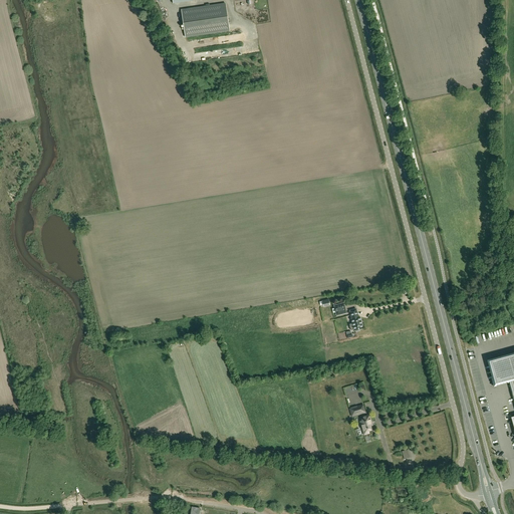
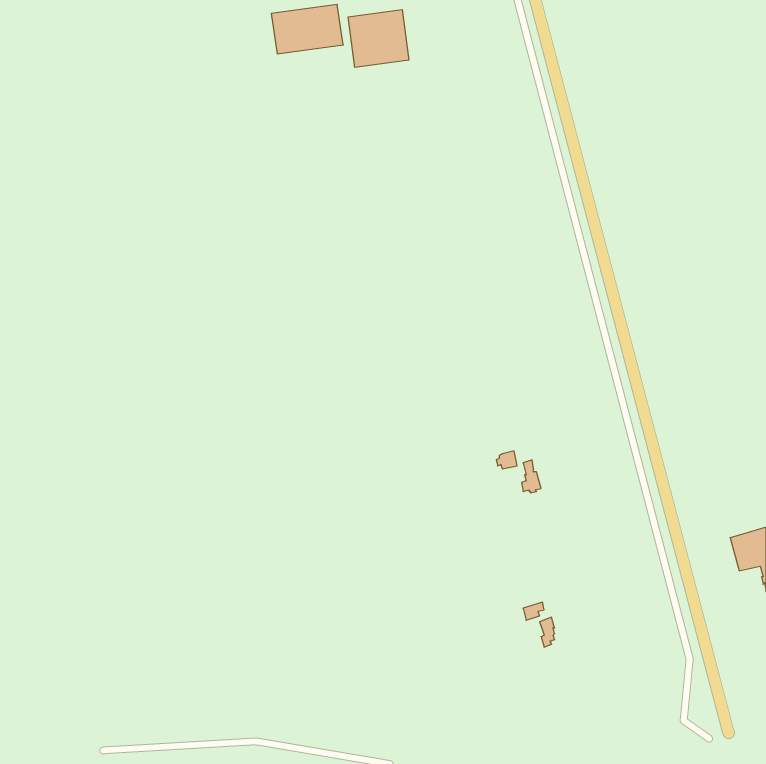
building: none -> [348,10,409,67]

